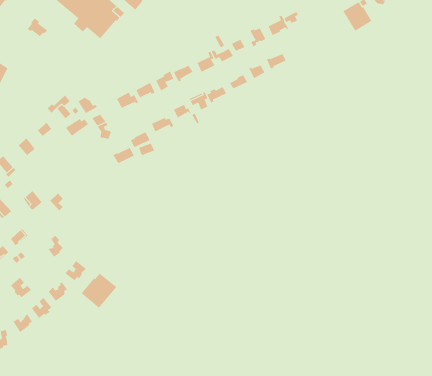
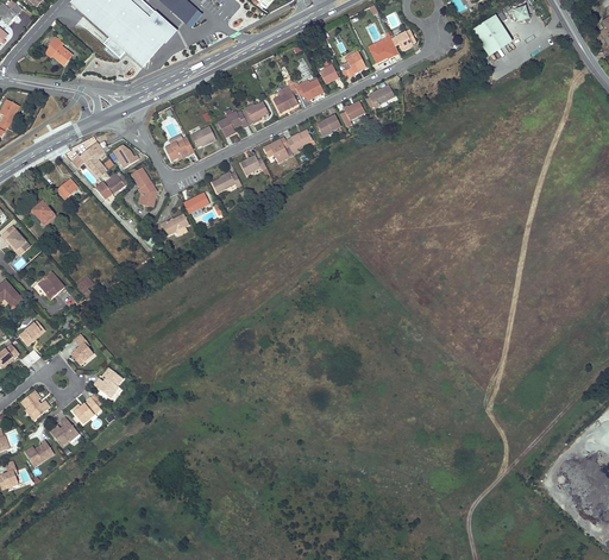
building: [81,273,117,308] -> none

